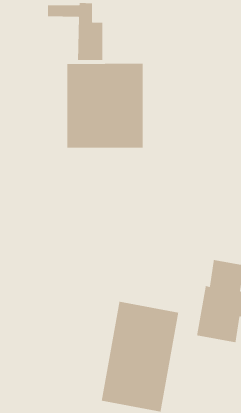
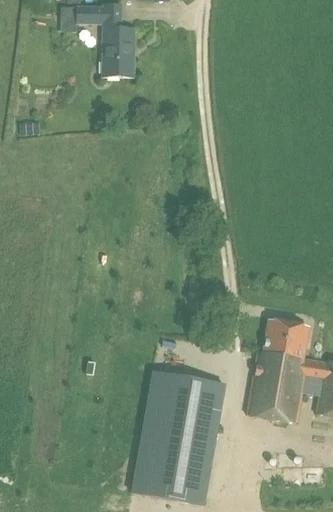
building: [66,63,144,149] -> none

